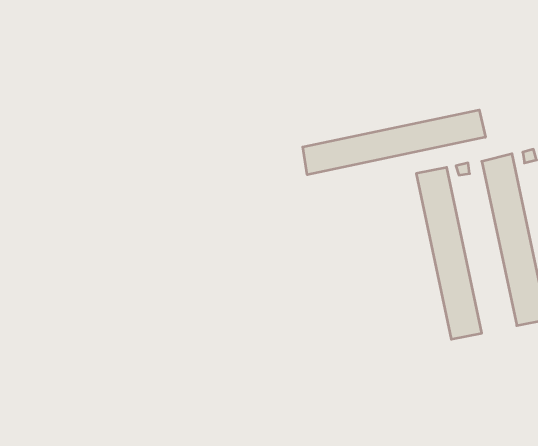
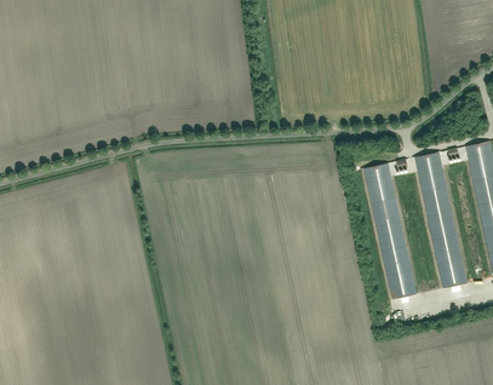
building: [303,110,485,175] -> none

